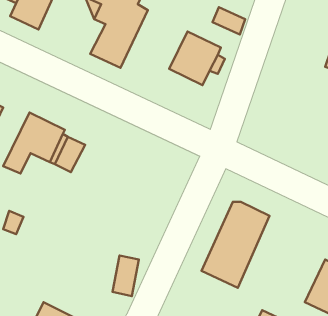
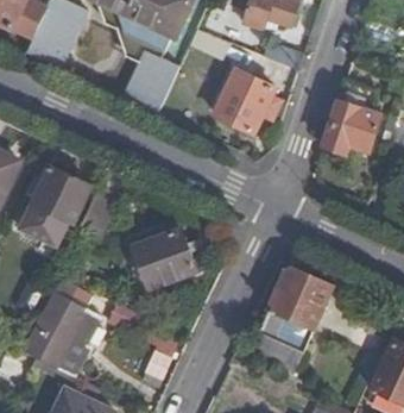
building: none -> [321,80,378,151]
building: none -> [134,229,195,288]
building: none -> [24,281,102,370]

